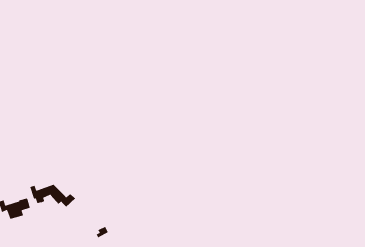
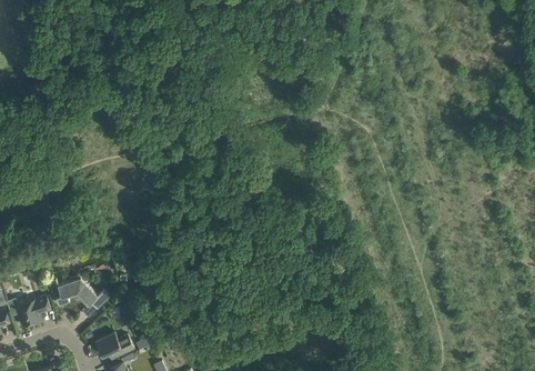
building: none -> [94,332,132,355]

